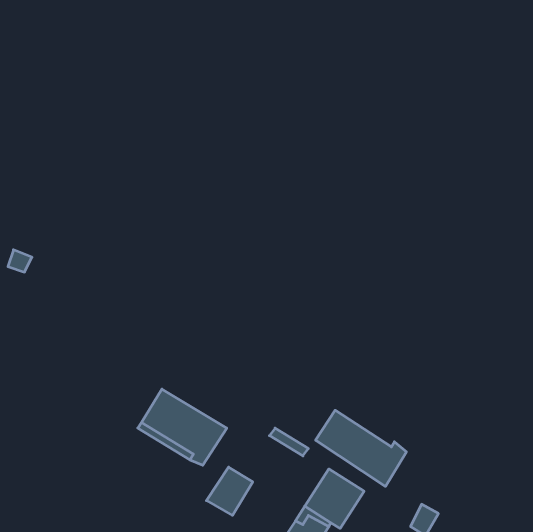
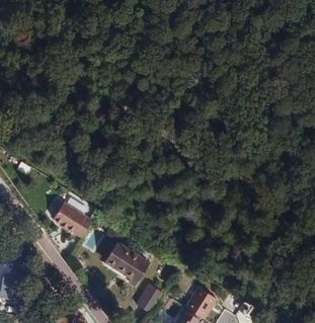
building: none -> [53,197,90,236]
building: [316,410,406,486] -> none

